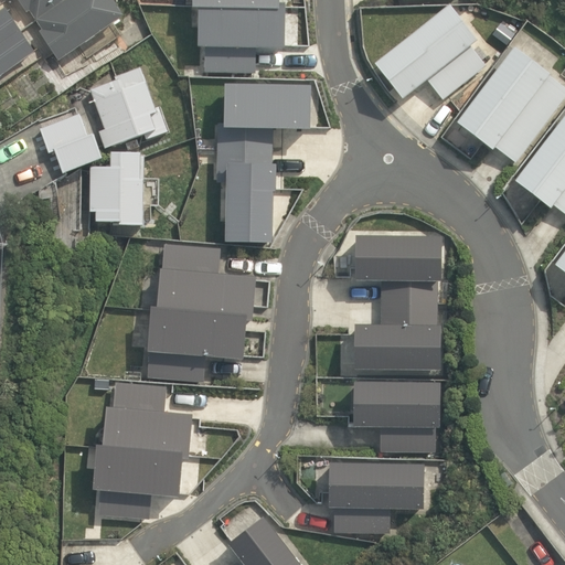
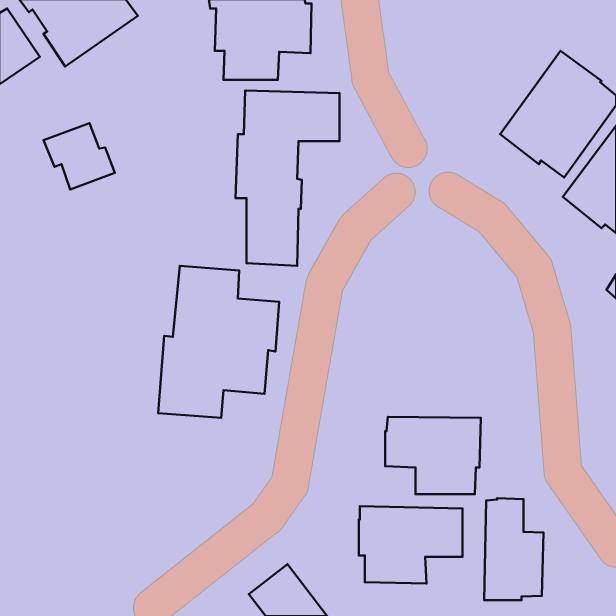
building: [374,4,484,100] -> none
building: [90,67,169,149] -> none
building: [90,151,146,225] -> none
building: [353,234,441,370] -> none
building: [92,382,191,519] -> none
building: none -> [484,498,544,600]

